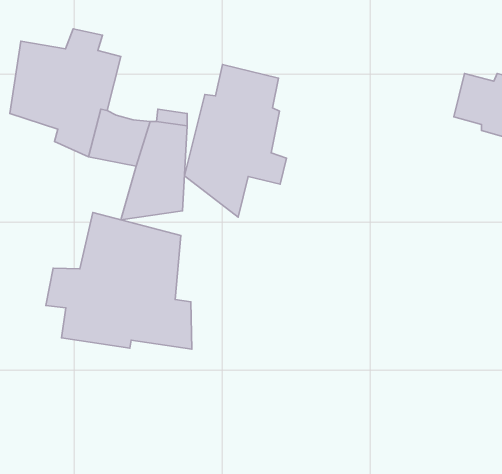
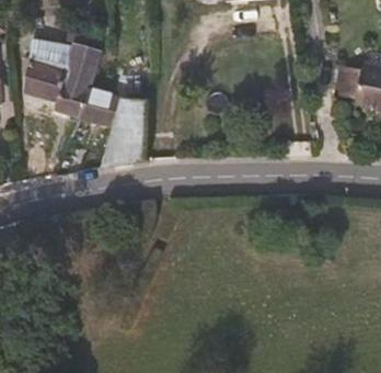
building: [184,64,286,217] -> none
building: [46,213,192,349] -> none

